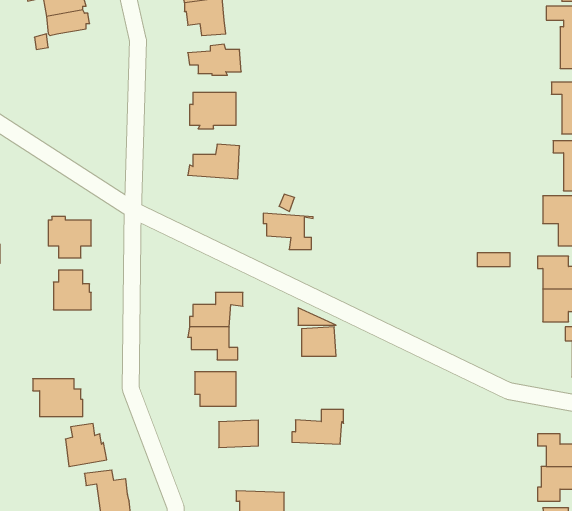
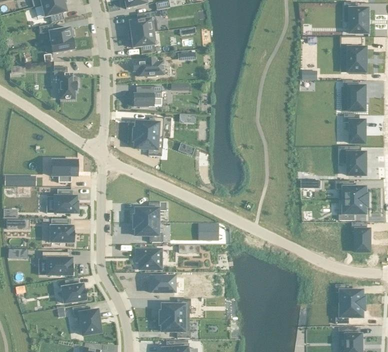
building: none -> [54,66,76,98]
building: [263,213,313,249] -> [133,134,162,155]
building: none -> [51,218,74,242]
building: [292,410,344,444] -> [161,298,191,318]

